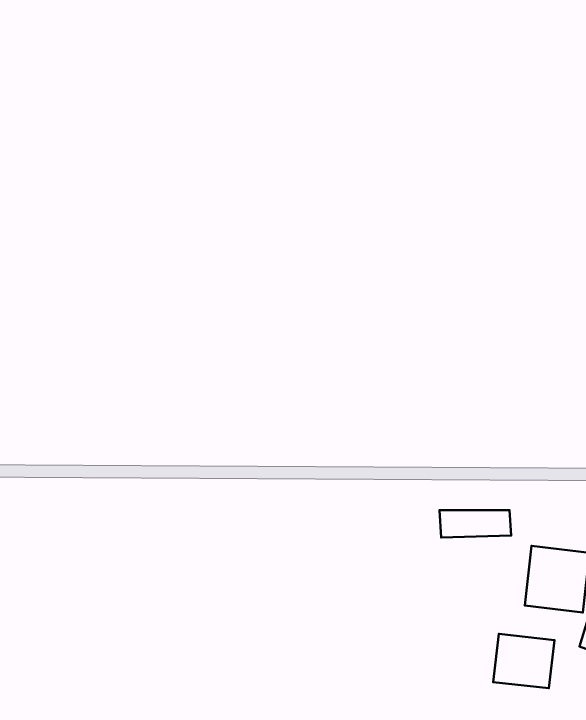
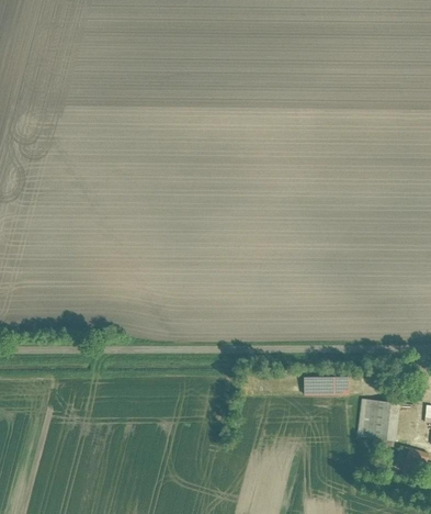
building: [493,634,554,688] -> none

